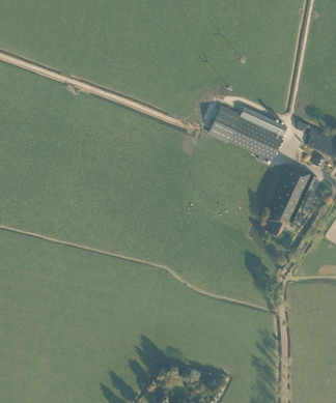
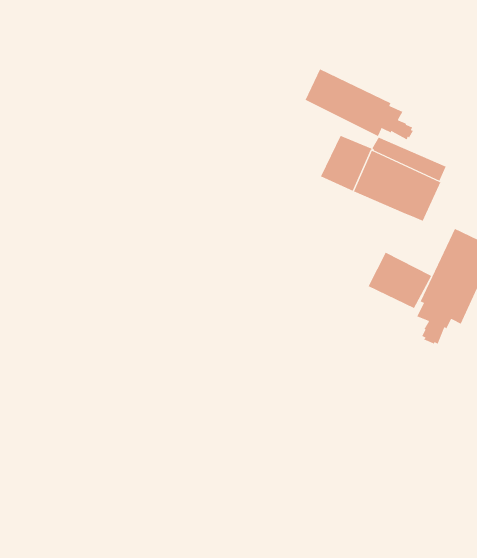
building: none -> [305,69,414,140]
building: none -> [368,252,432,309]

